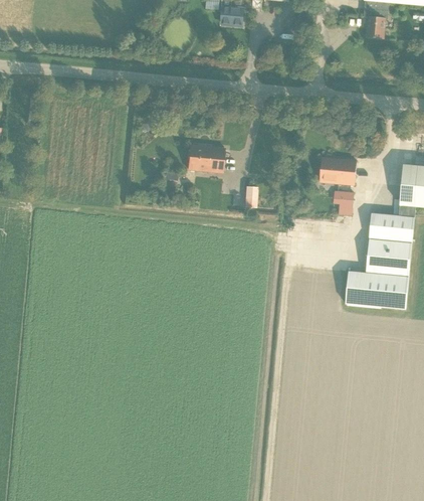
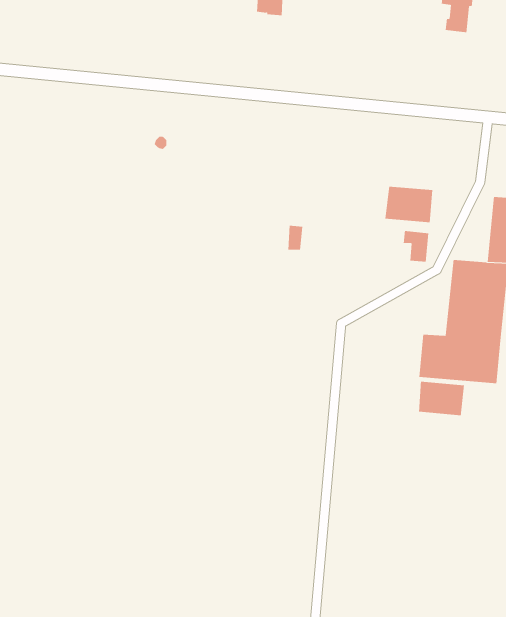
building: [188,144,225,172] -> none
building: none -> [418,381,464,416]

